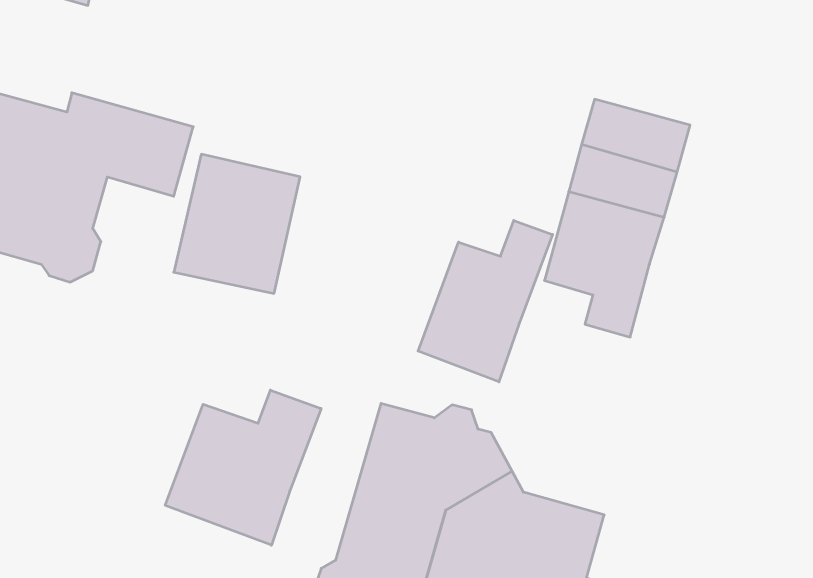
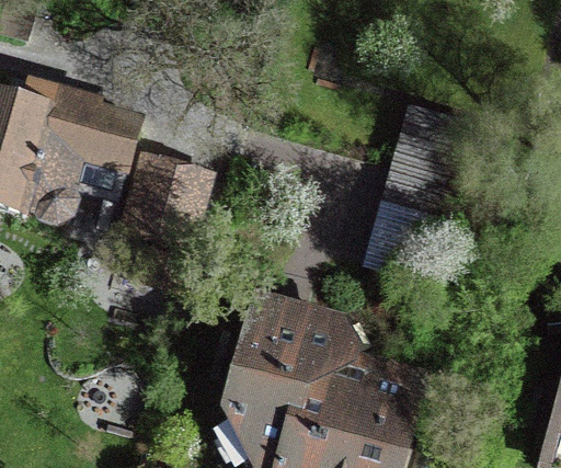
building: [418,220,553,382] -> none
building: [165,390,321,545] -> none

